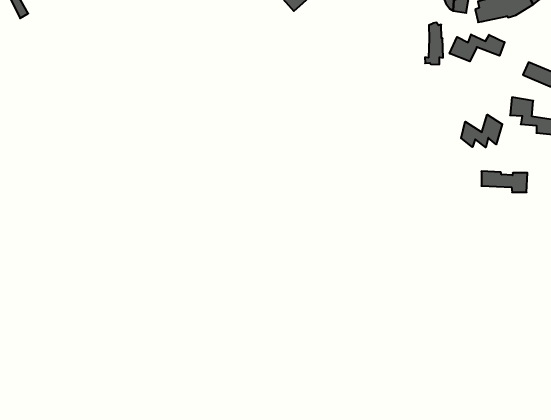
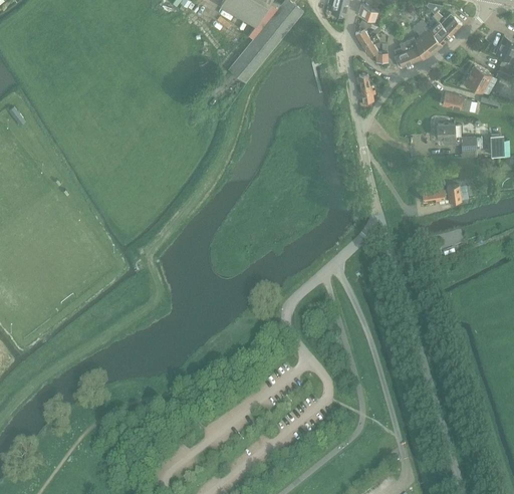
building: [450,34,505,61] -> none
building: [461,115,502,147] -> none

